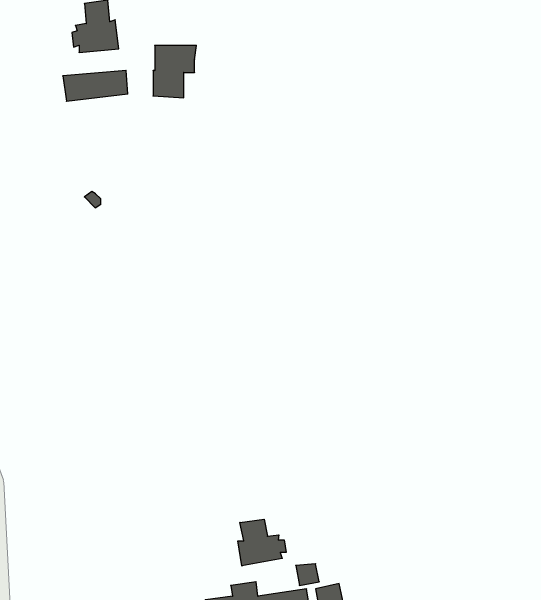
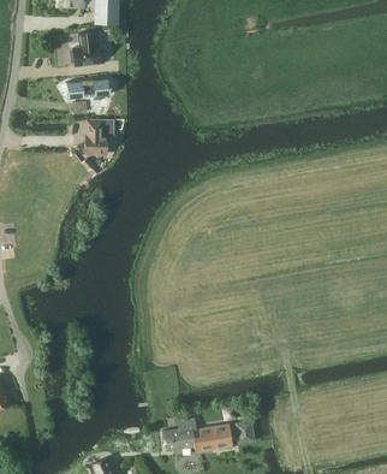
building: [153,45,196,98] -> [85,119,114,154]
building: [238,519,286,566] -> none

